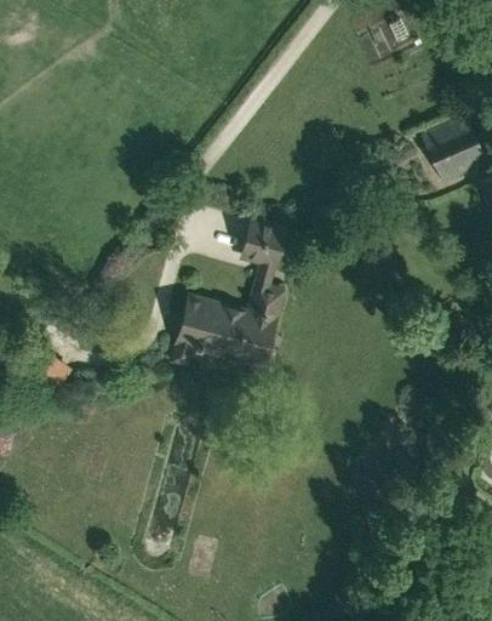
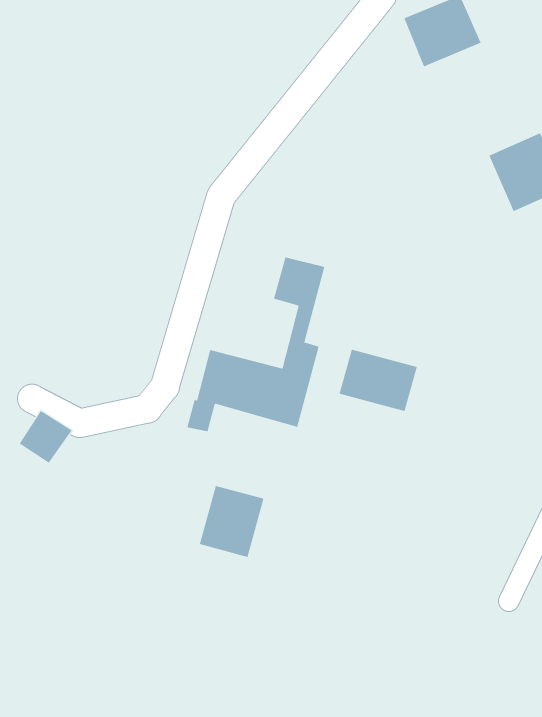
building: none -> [339,349,418,412]
building: none -> [199,485,264,558]

